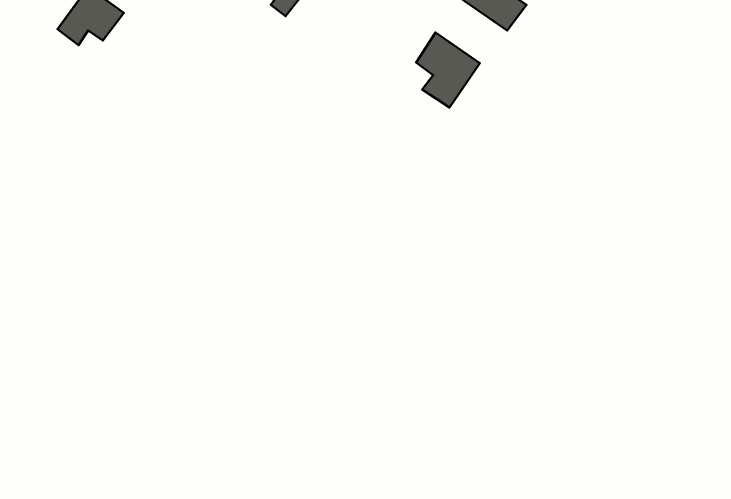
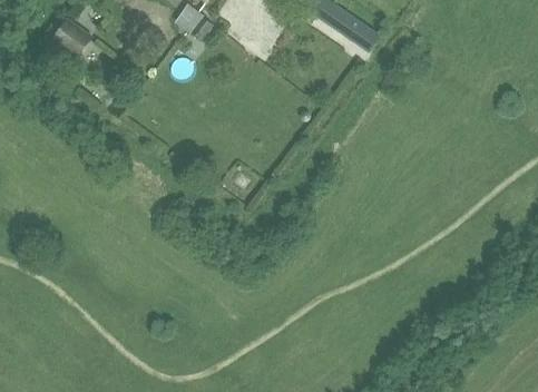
building: [416,32,480,108] -> none

